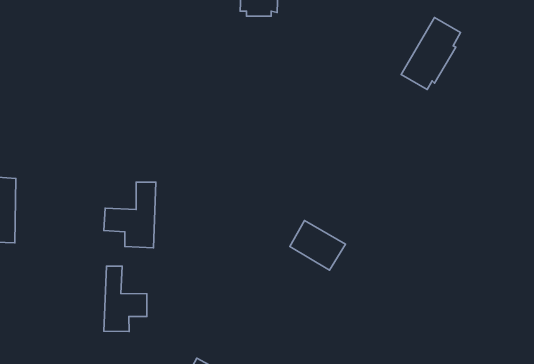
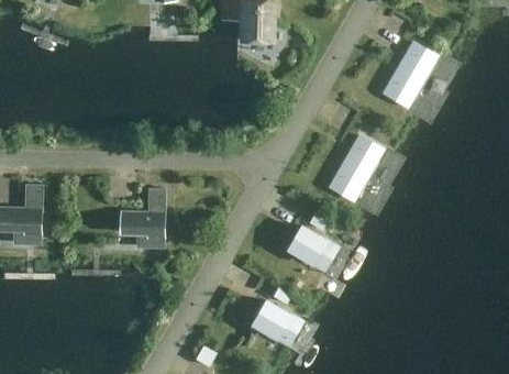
building: none -> [330,136,383,200]
building: [104,266,147,332] -> none
building: none -> [253,300,297,341]

